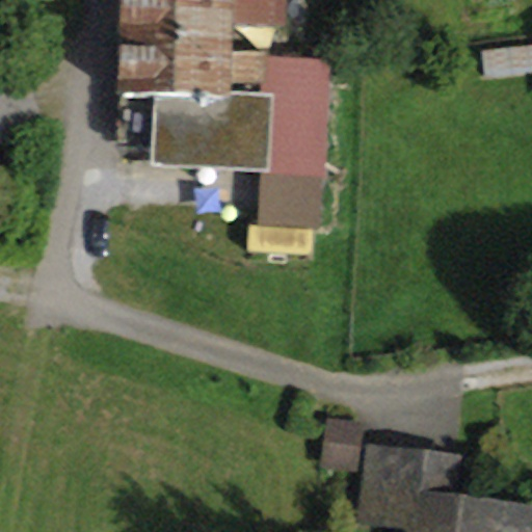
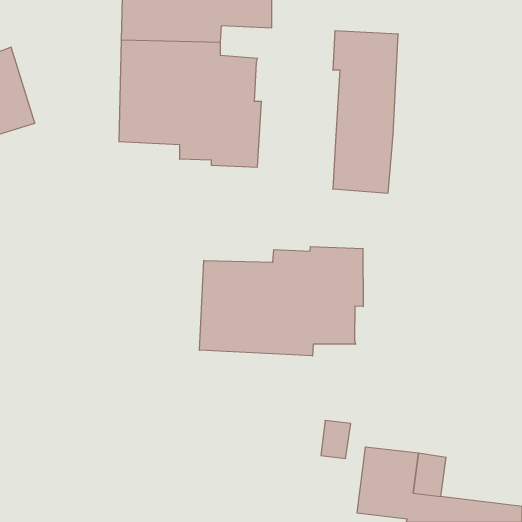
building: [258,63,324,228] -> [333,31,398,193]
building: none -> [199,247,363,356]

